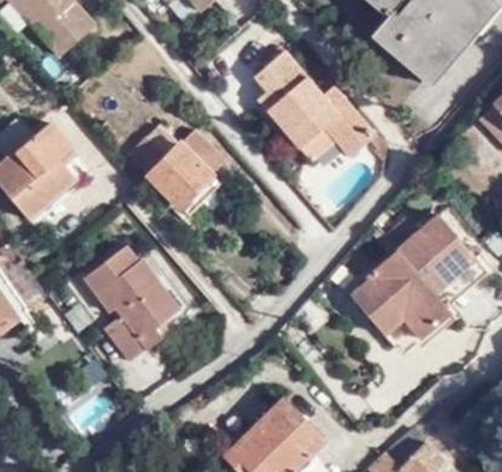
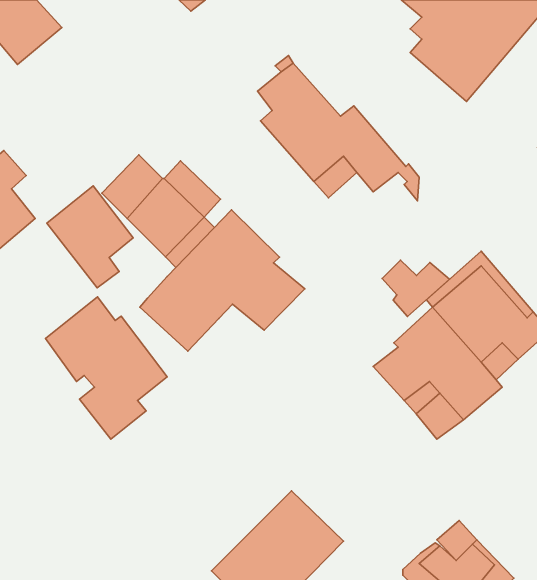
building: none -> [47,186,133,288]
building: none -> [140,210,305,351]
building: none -> [382,260,450,317]

